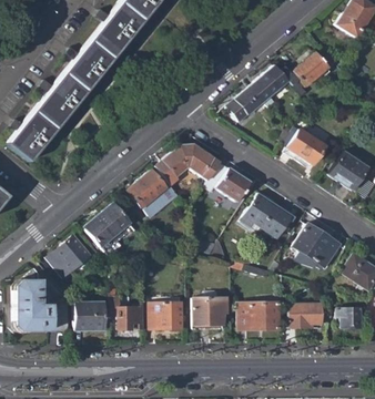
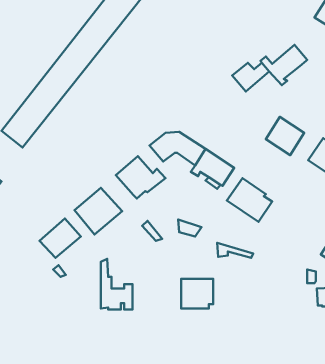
building: [226,85,264,121] -> none
building: [294,224,341,267] -> none
building: [16,268,70,331] -> none
building: [77,303,105,330] -> none
building: [241,303,280,328] -> none
building: [291,303,324,328] -> none
building: [151,304,184,329] -> none

